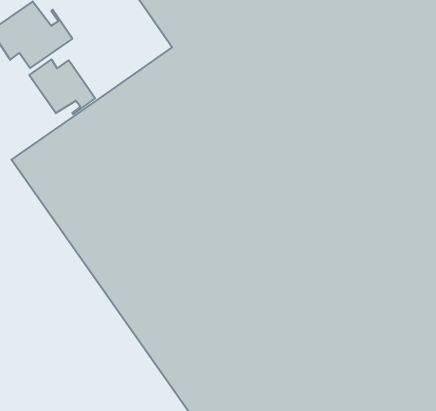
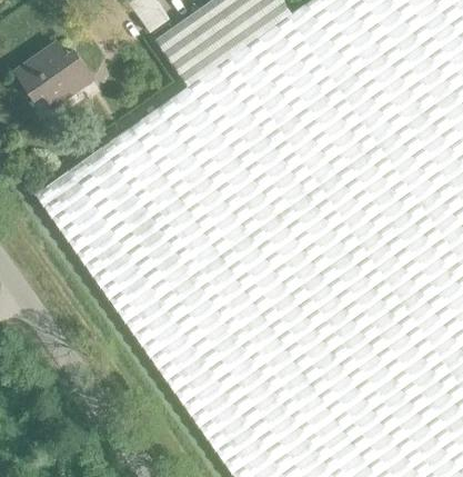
building: [29,59,95,114] -> none

